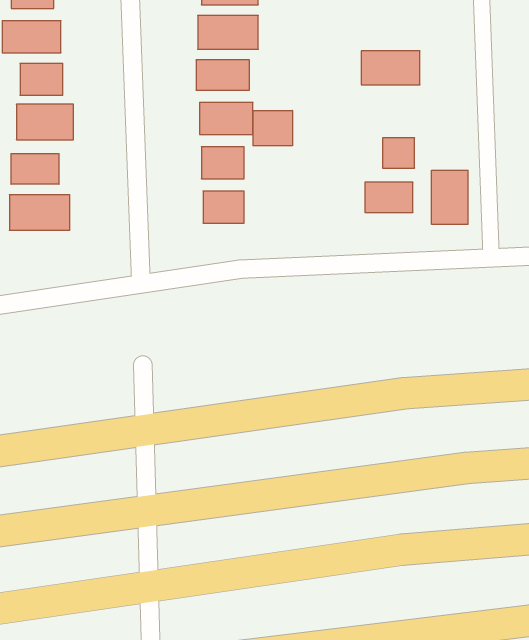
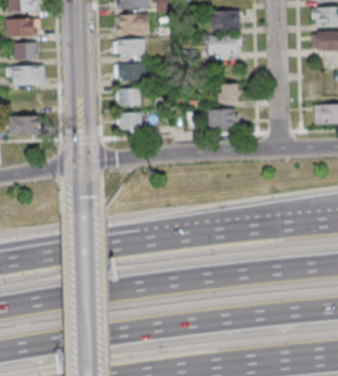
building: none -> [210,10,239,29]
building: [253,110,292,146] -> none
building: [11,154,59,184] -> none
building: [432,170,468,224] -> none

